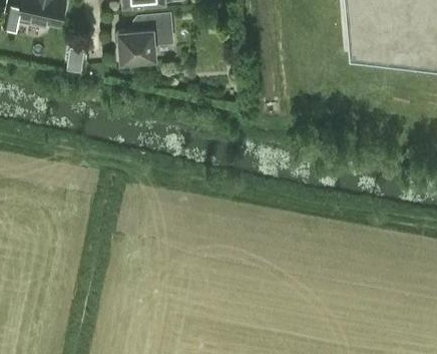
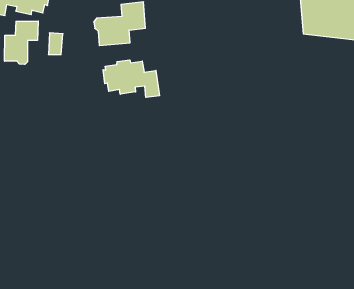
building: none -> [5,21,38,64]
building: none -> [103,60,159,97]

